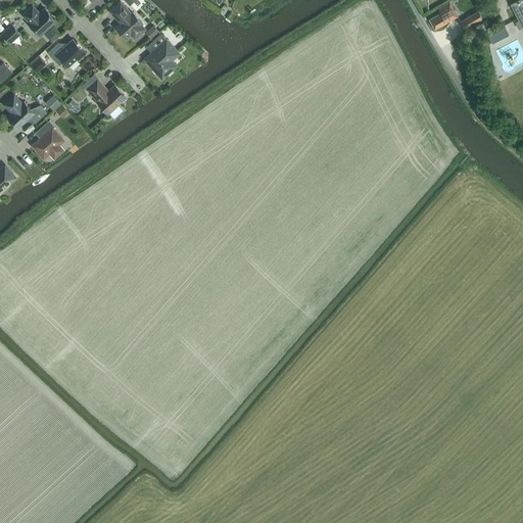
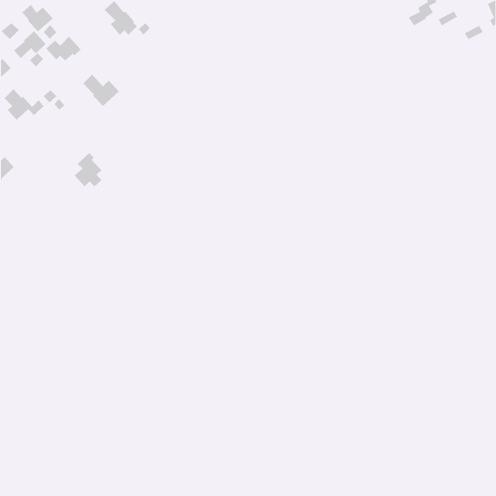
building: [144,32,180,78] -> none
building: none -> [13,30,46,59]
building: [33,120,62,156] -> [74,152,102,187]

